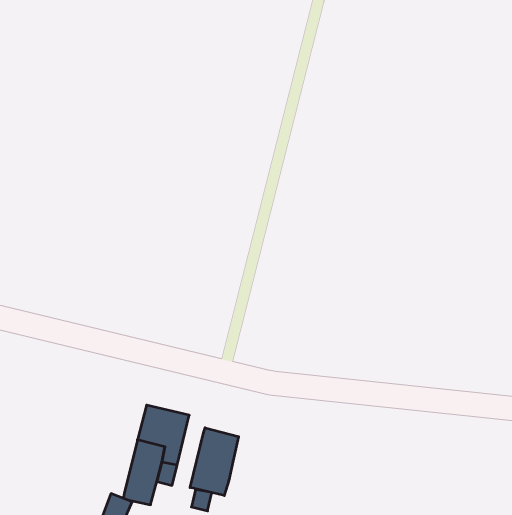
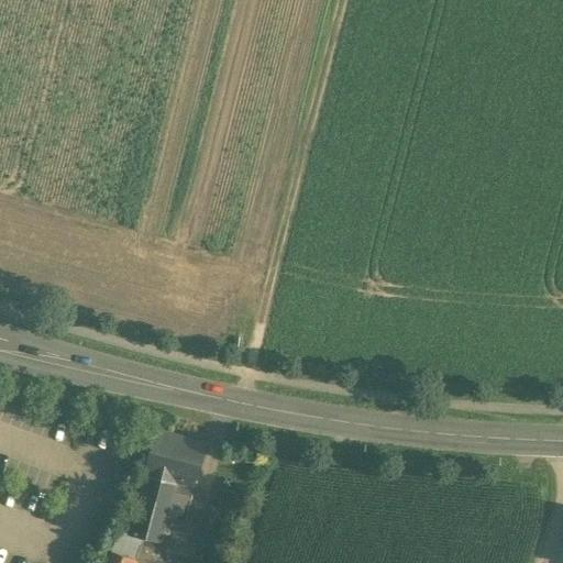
building: [190,428,239,496] -> none

